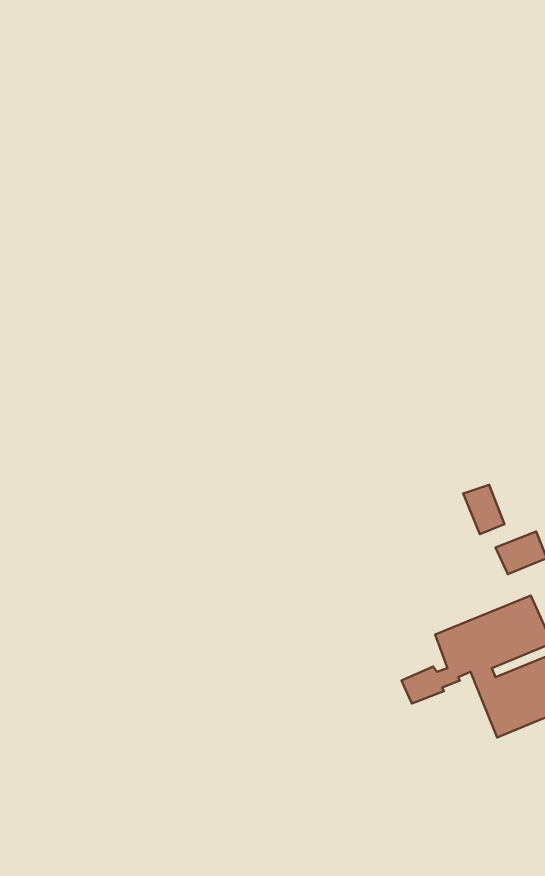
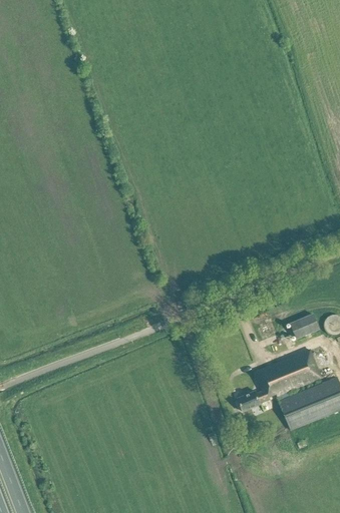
building: [463,485,505,534] -> none

